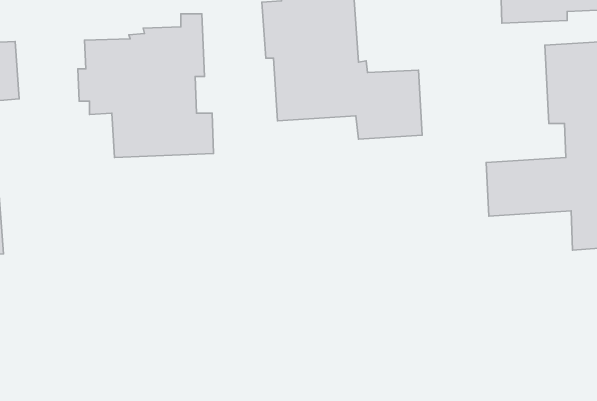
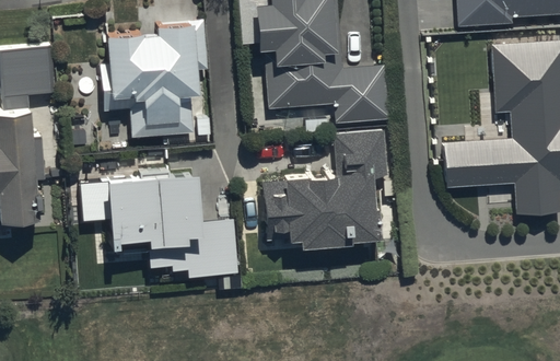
building: none -> [260,131,387,251]
building: none -> [104,179,237,278]

